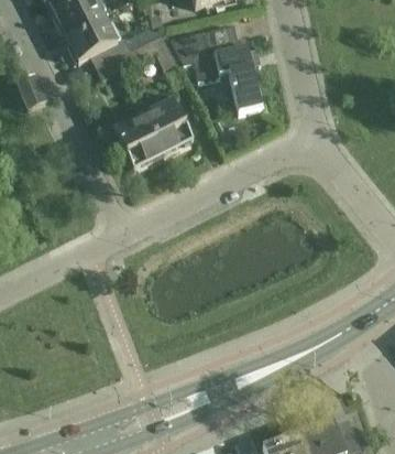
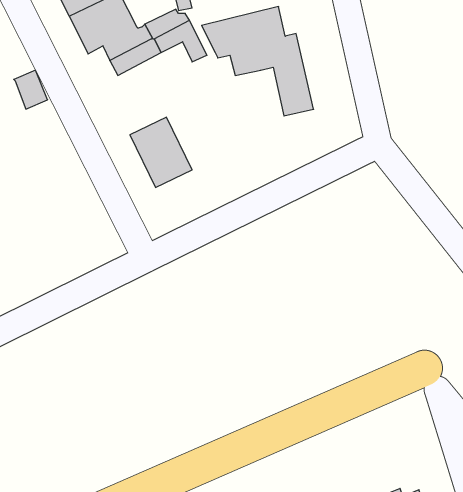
building: [142,98,193,156] -> none

